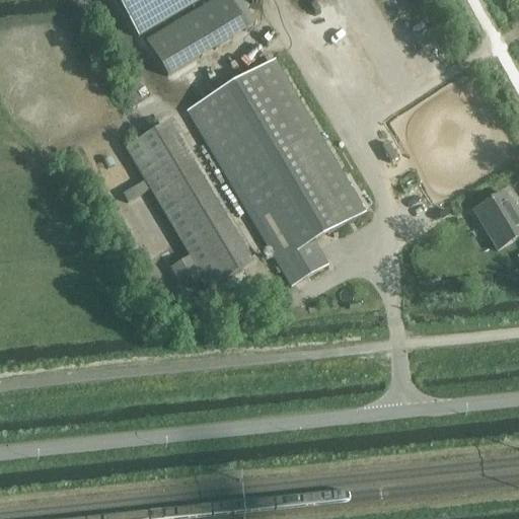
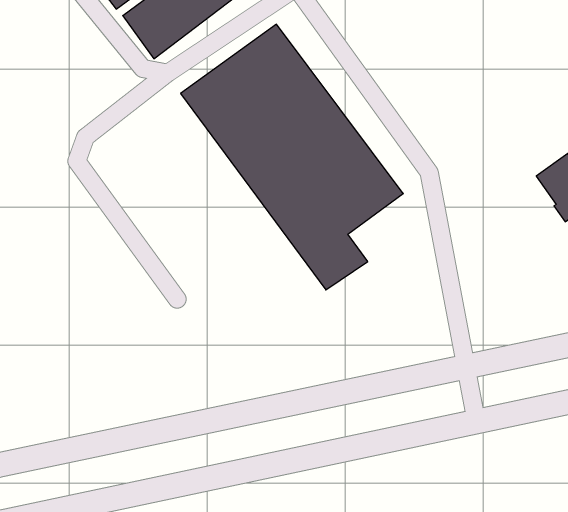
building: [125,116,256,286] -> none

